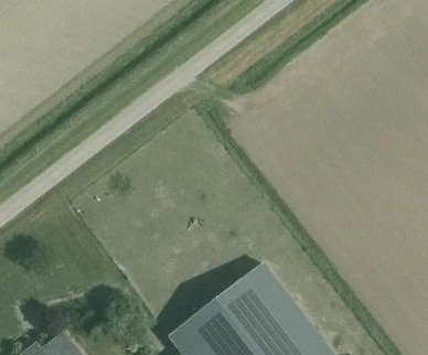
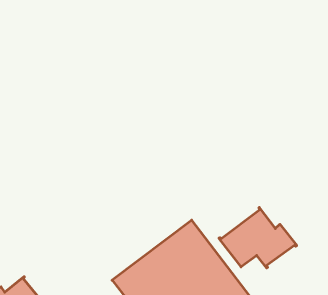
building: none -> [219,207,297,268]

